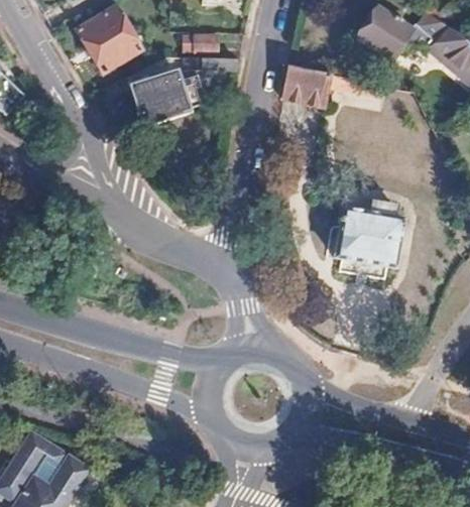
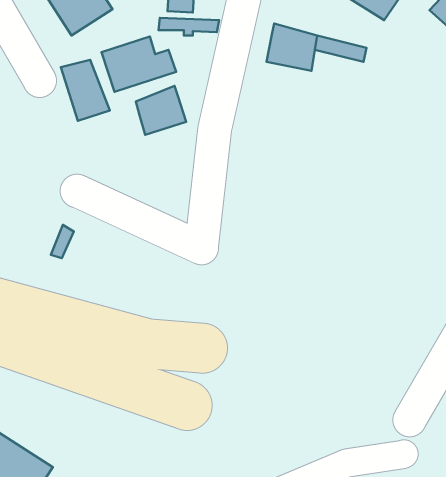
building: none -> [61,60,110,121]
building: none -> [136,86,186,135]
building: [336,202,402,268] -> none

